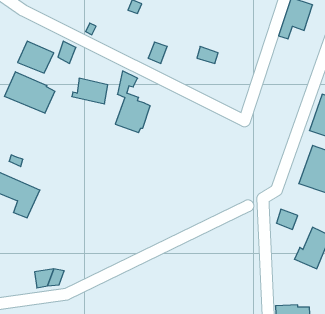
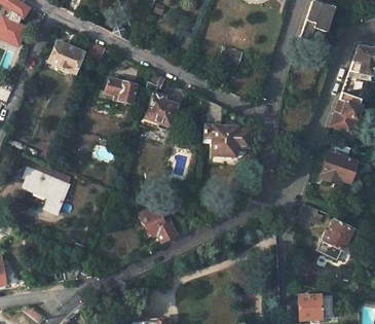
building: [5,72,55,113] -> none
building: none -> [201,99,250,156]
building: none -> [141,207,187,242]

